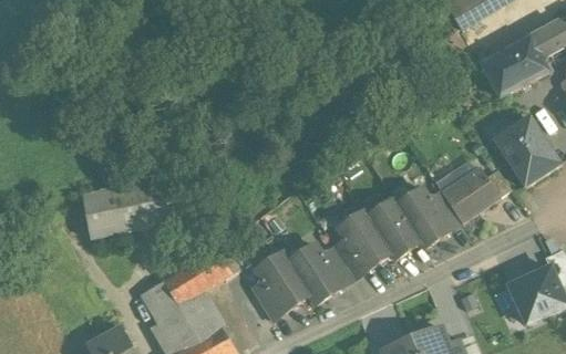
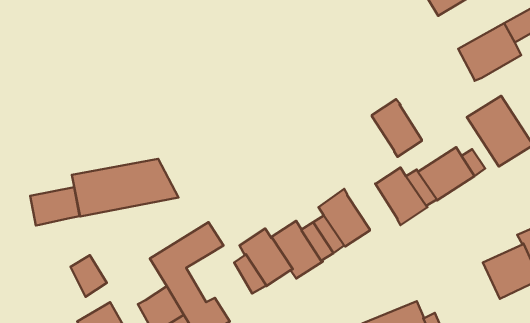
building: [368,198,420,258] -> [372,99,422,157]
building: none -> [30,187,79,225]
building: [143,281,181,324] -> [71,255,107,297]

